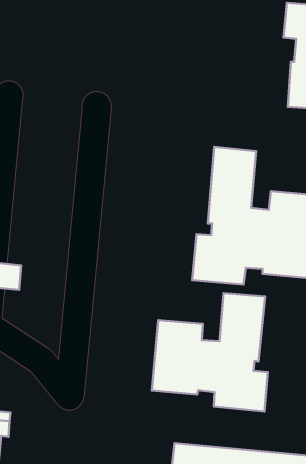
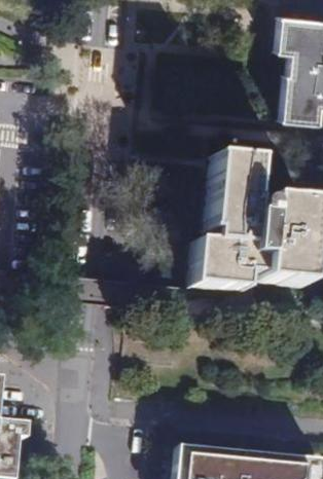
building: [152,293,268,411] -> none

